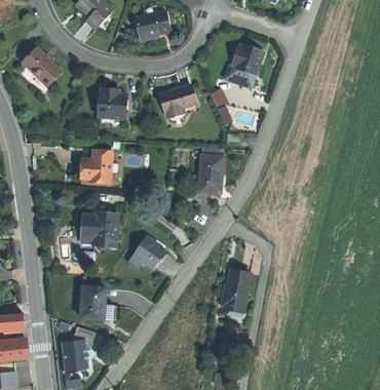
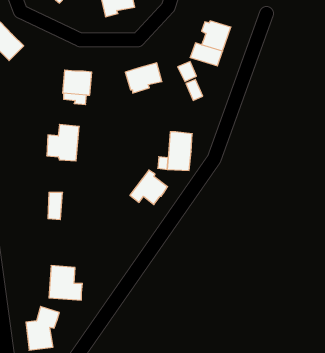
building: [96,212,118,246] -> none
building: [127,236,164,270] -> [130,170,168,205]
building: [219,270,249,310] -> none

